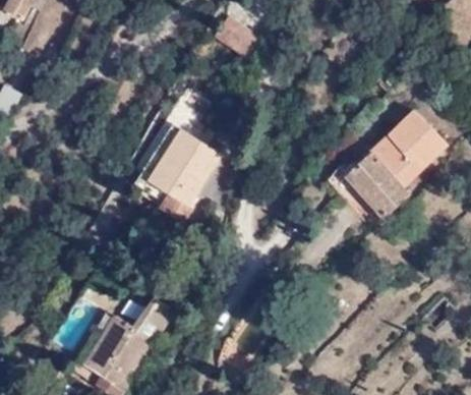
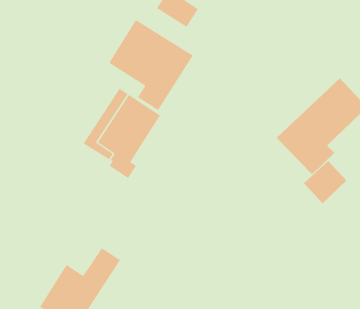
building: none -> [108,19,194,111]
building: none -> [303,160,347,204]

